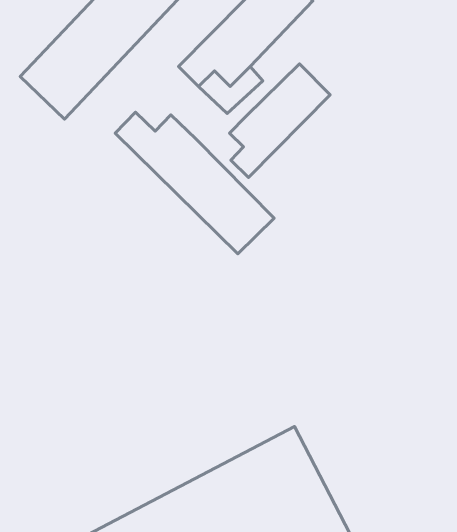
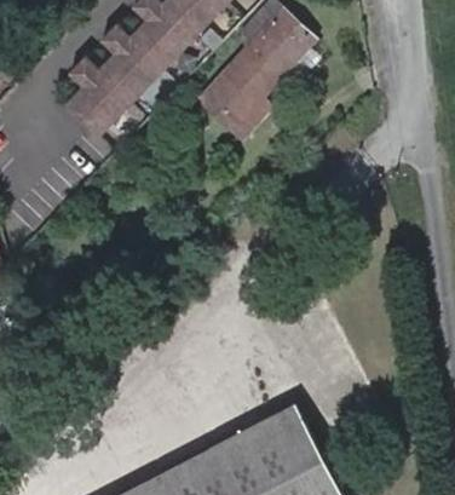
building: [230,64,330,177] -> none
building: [115,112,274,254] -> none

